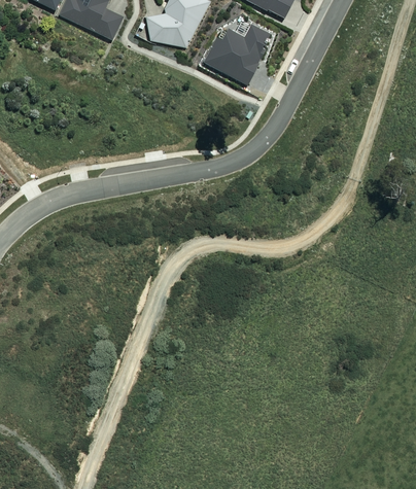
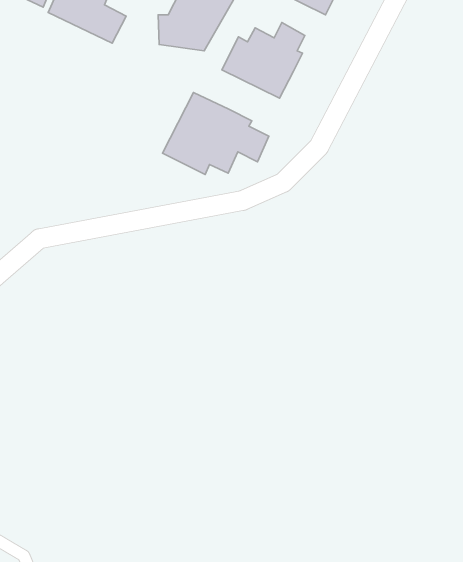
building: none -> [163,92,269,174]

